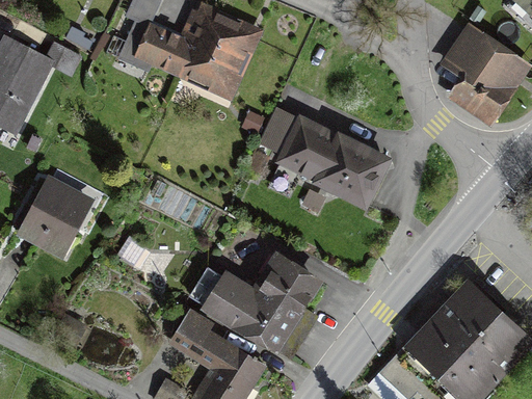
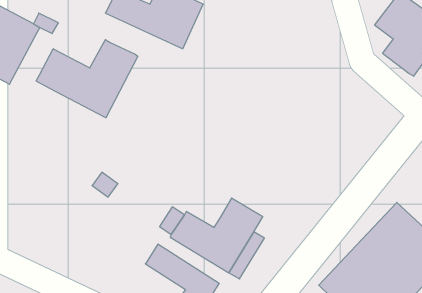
building: none -> [36,40,138,118]
building: [261,109,384,205] -> none
building: [18,181,90,254] -> none

